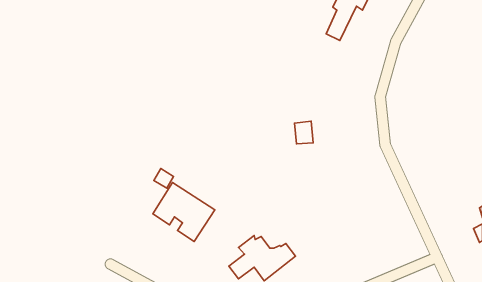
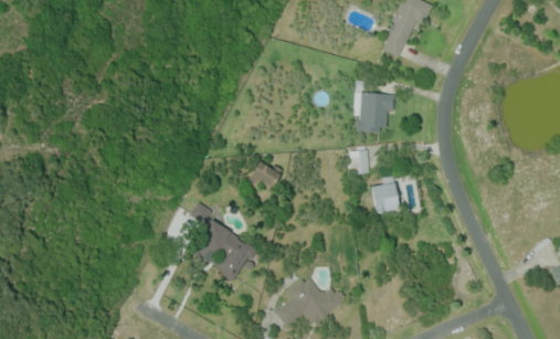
building: none -> [355,91,394,134]
building: none -> [247,157,282,189]
building: none -> [371,174,399,213]

